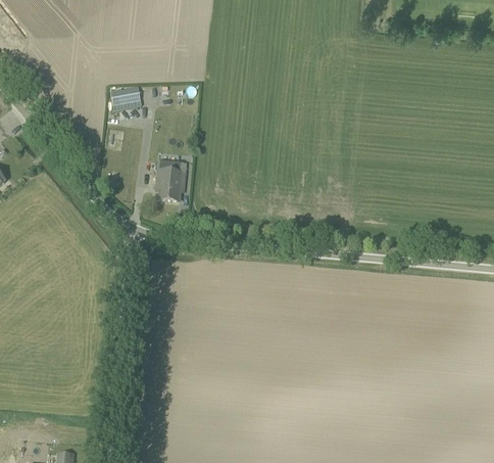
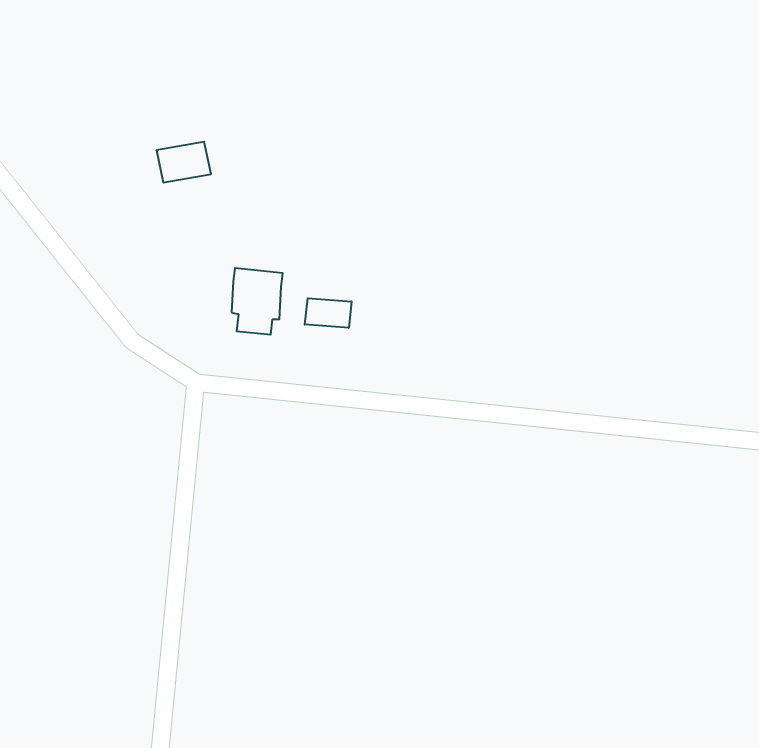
building: none -> [305,298,352,328]

